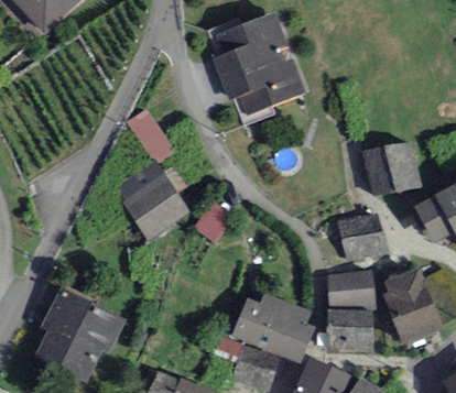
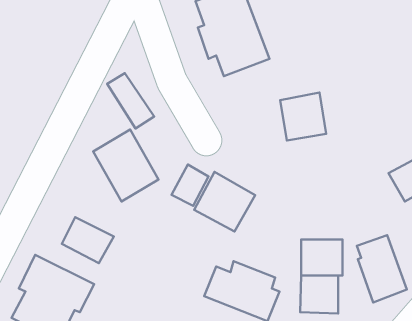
building: [367,144,413,193] -> [280,93,326,141]
building: none -> [194,172,255,231]
building: [338,215,379,256] -> none
building: none -> [62,217,114,263]

